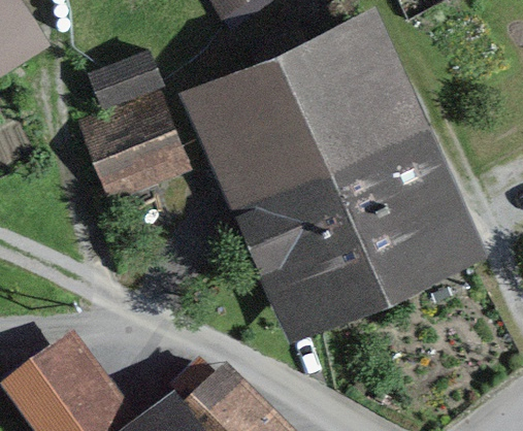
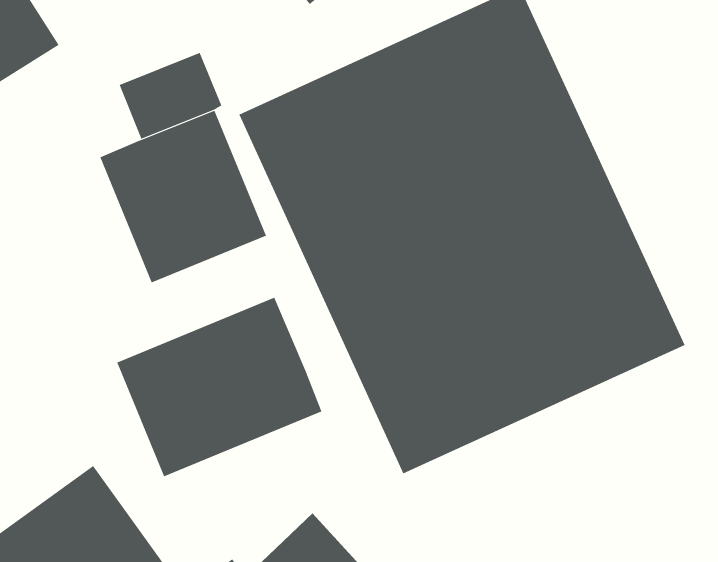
building: none -> [116,297,322,477]

